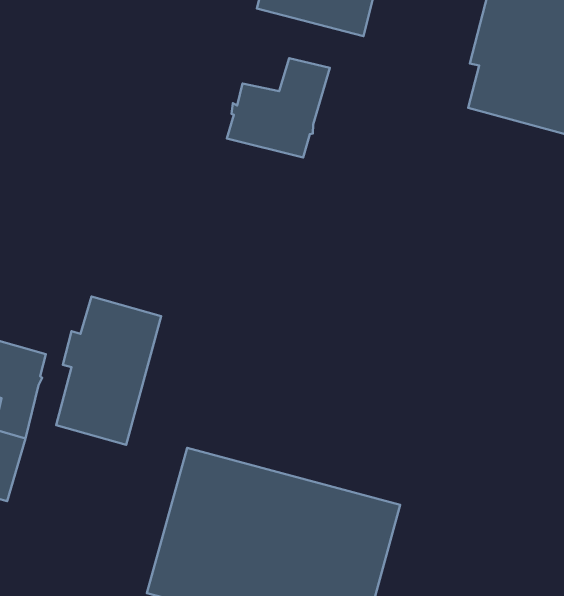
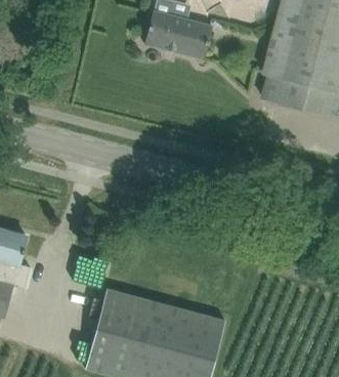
building: [227,58,330,158] -> none
building: [56,296,161,445] -> none

